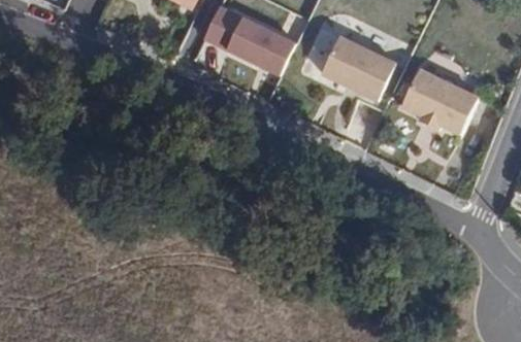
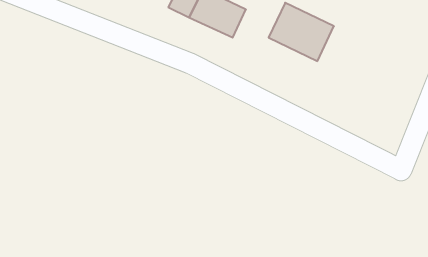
building: [402,70,479,132] -> none

